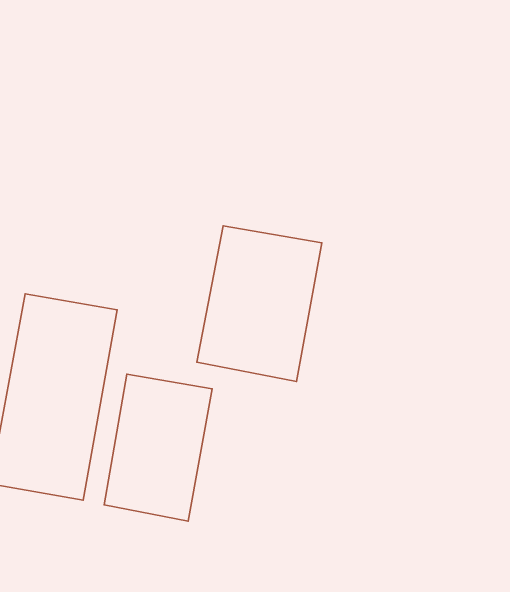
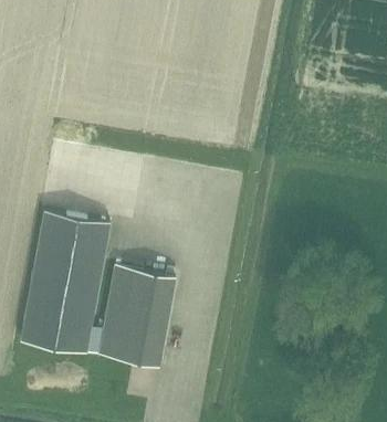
building: [197,226,322,382] -> none

